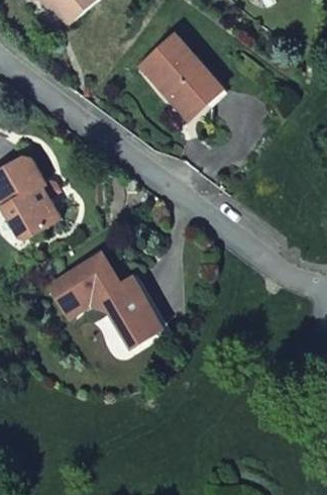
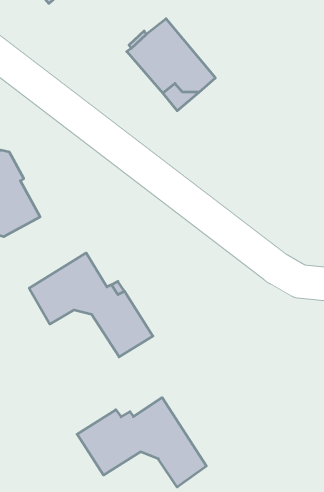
building: none -> [77,398,206,487]

